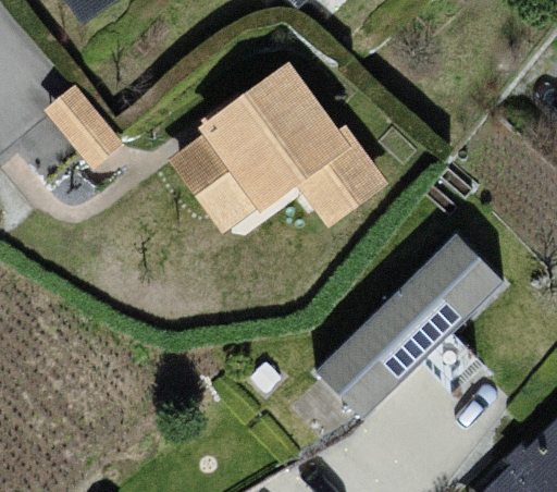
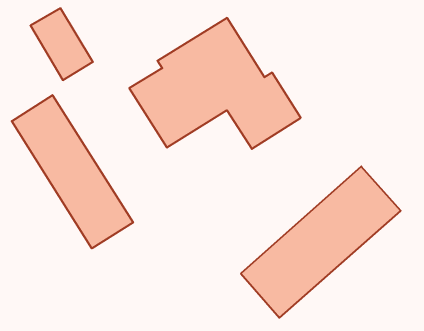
building: none -> [12,95,133,248]

